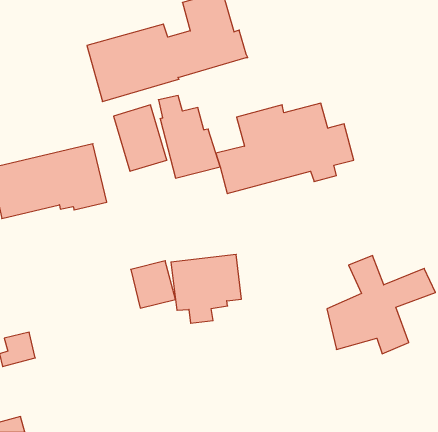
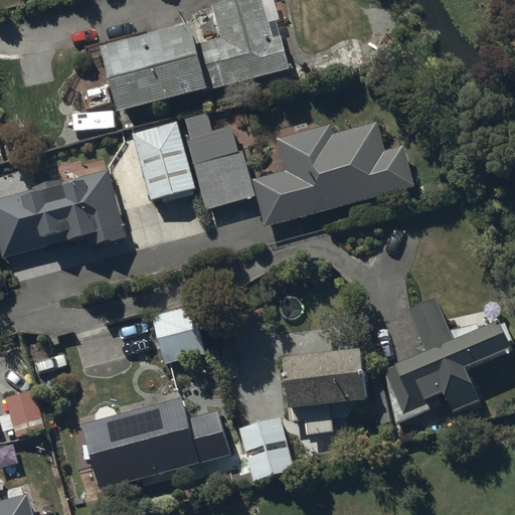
building: [171,254,241,323] -> [282,354,364,435]
building: none -> [80,395,227,488]
building: none -> [238,416,292,481]

